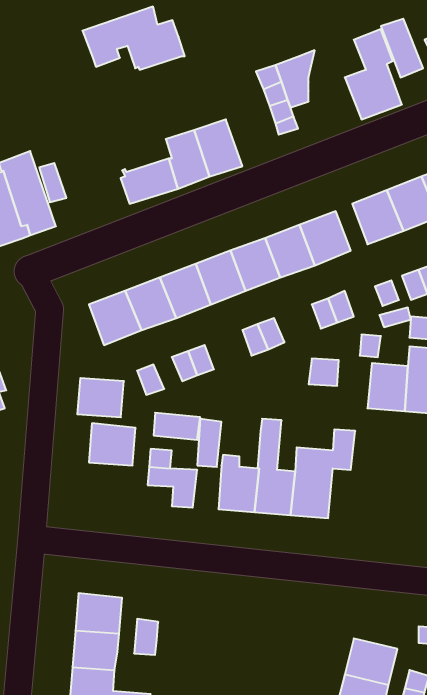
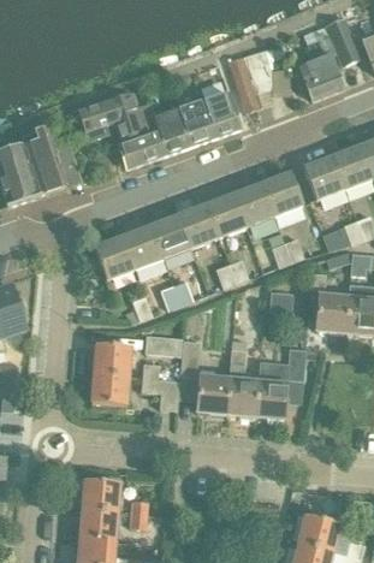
building: [82,7,185,70] -> [77,91,159,142]
building: none -> [202,91,241,137]
building: [77,378,124,417] -> [90,374,127,405]

